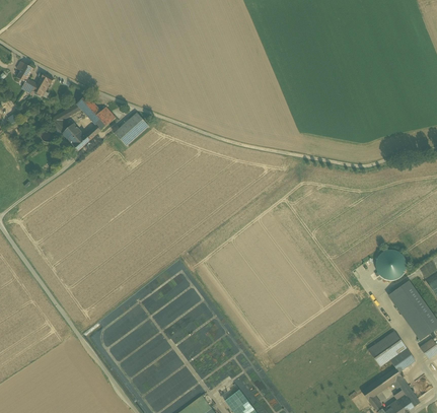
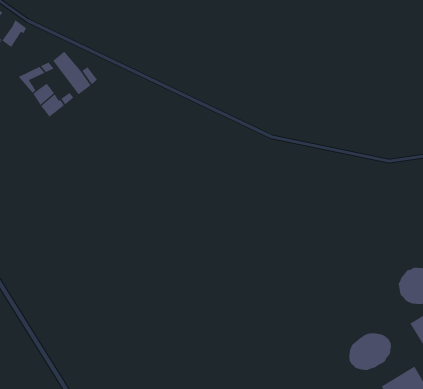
building: [114,112,148,145] -> none
building: none -> [349,332,392,371]

